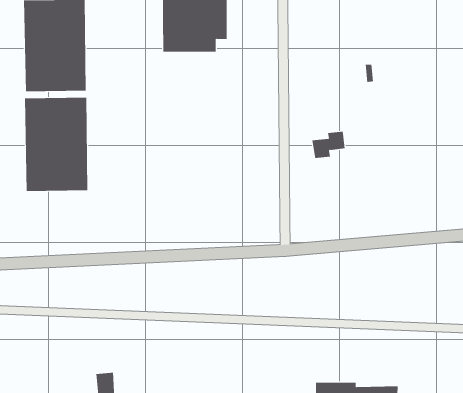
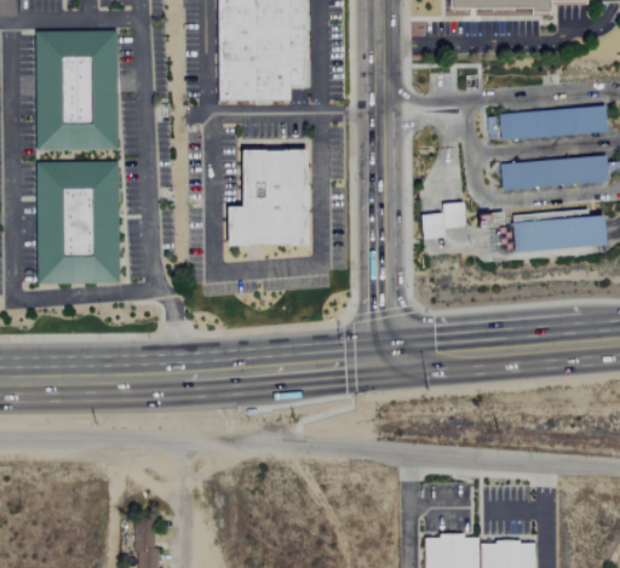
building: none -> [500,105,608,142]
building: none -> [229,149,309,246]
building: none -> [500,155,609,189]
building: none -> [512,216,607,253]

